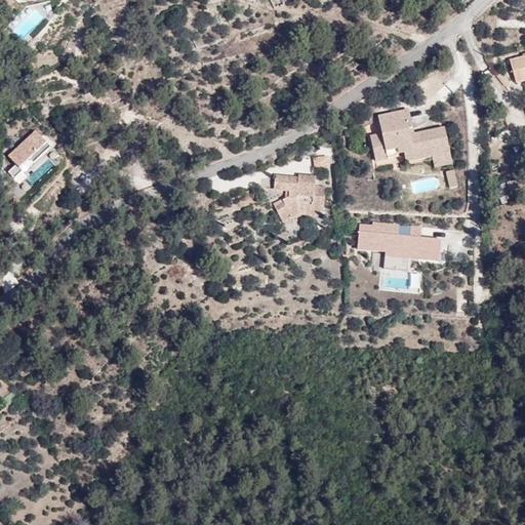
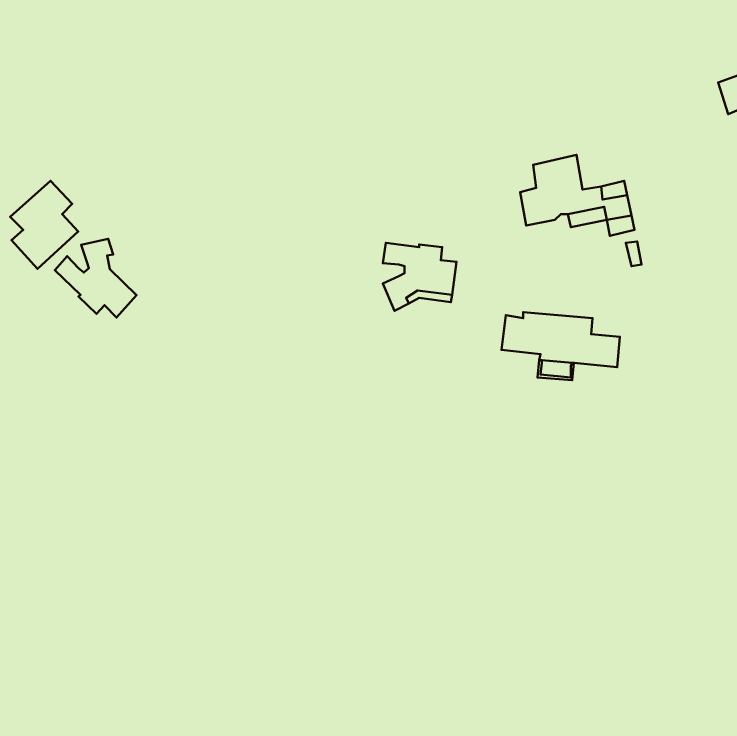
building: none -> [55,239,137,317]

